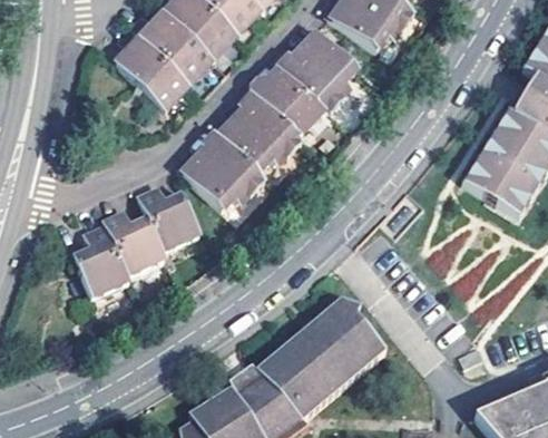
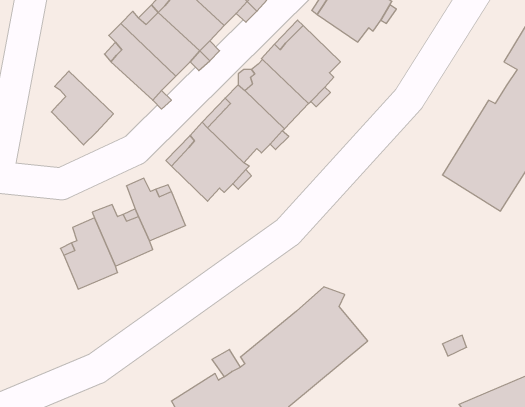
building: none -> [51,71,113,145]

